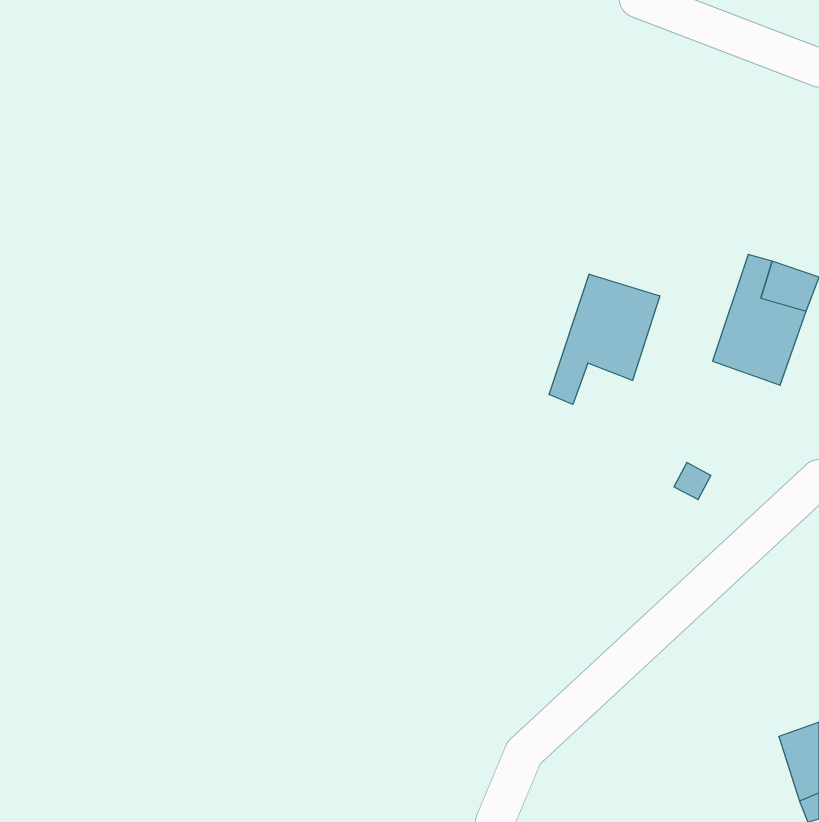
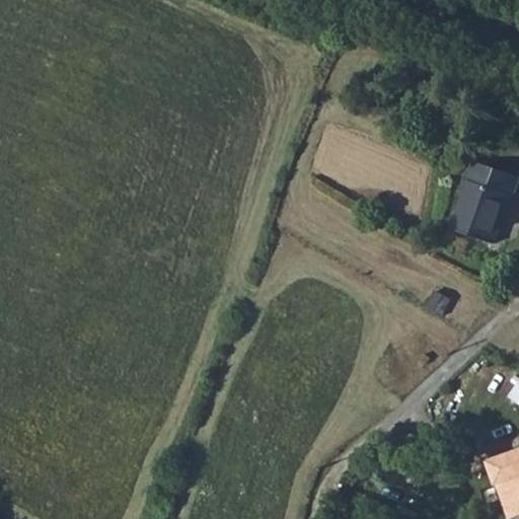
building: [549,274,660,404] -> none

